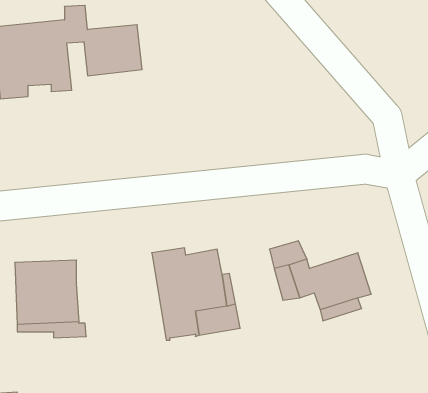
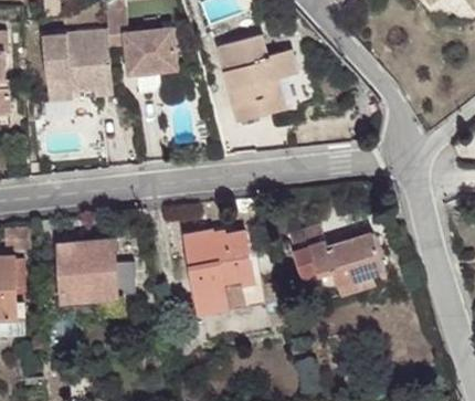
building: none -> [218,38,317,123]

